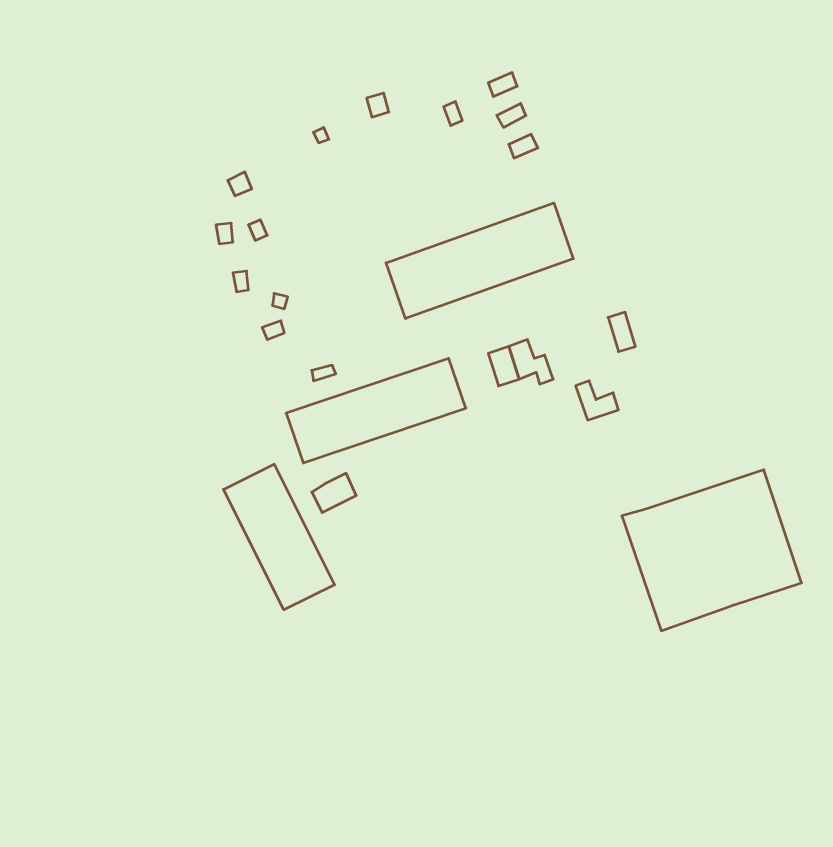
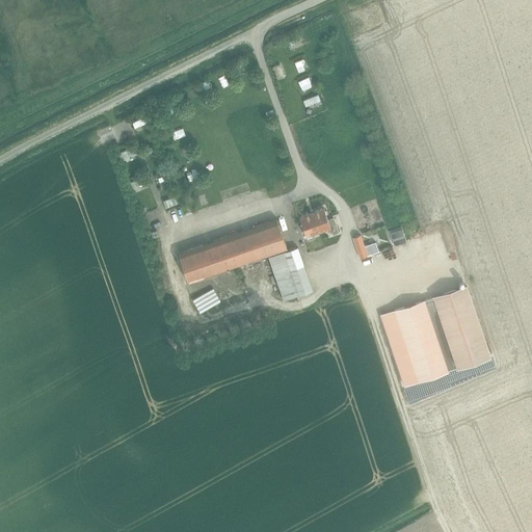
building: [386,203,573,319] -> none
building: none -> [268,249,313,302]
building: [223,464,335,610] -> none

